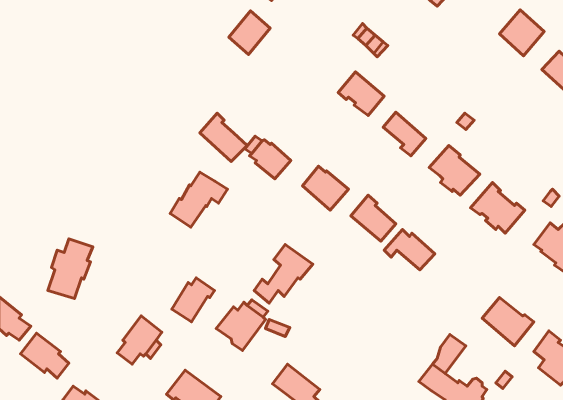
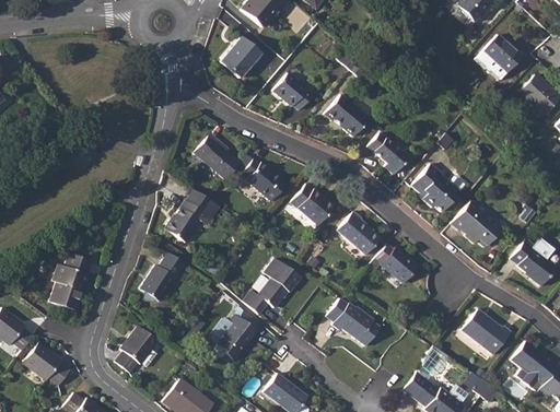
building: none -> [273,73,313,109]
building: [172,278,215,322] -> [141,259,182,301]
building: none -> [327,296,381,345]

